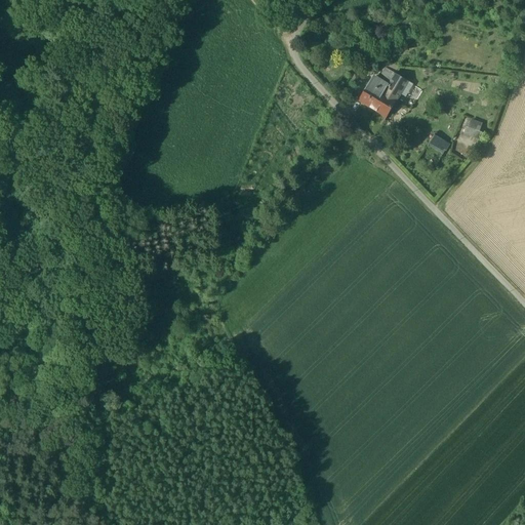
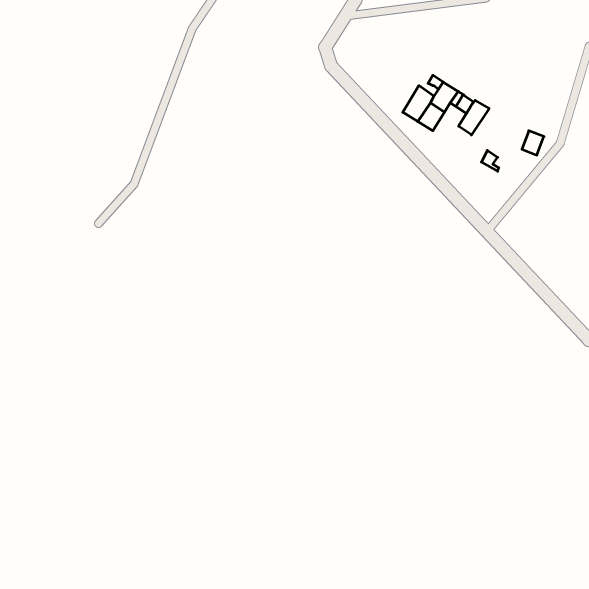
building: none -> [459,100,489,135]

